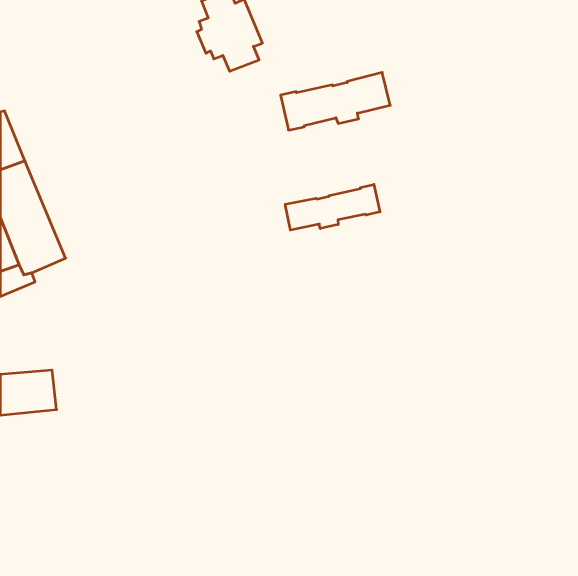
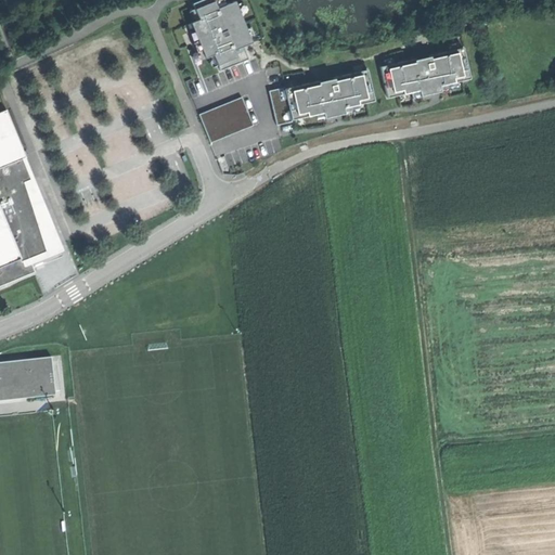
building: none -> [379,48,469,98]
building: none -> [198,98,254,143]
building: [285,184,380,230] -> none

